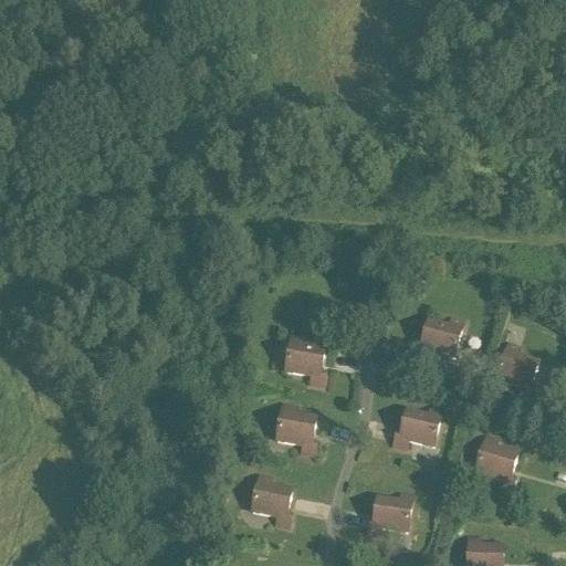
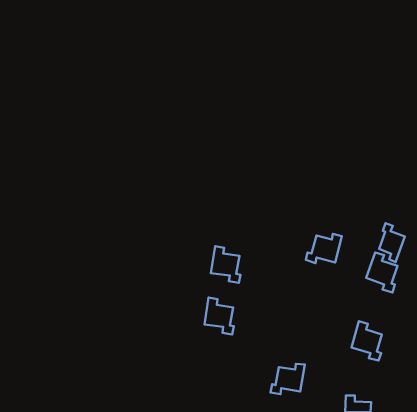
building: none -> [379,223,405,262]
building: [392,406,441,446] -> none
building: [251,473,291,524] -> none

